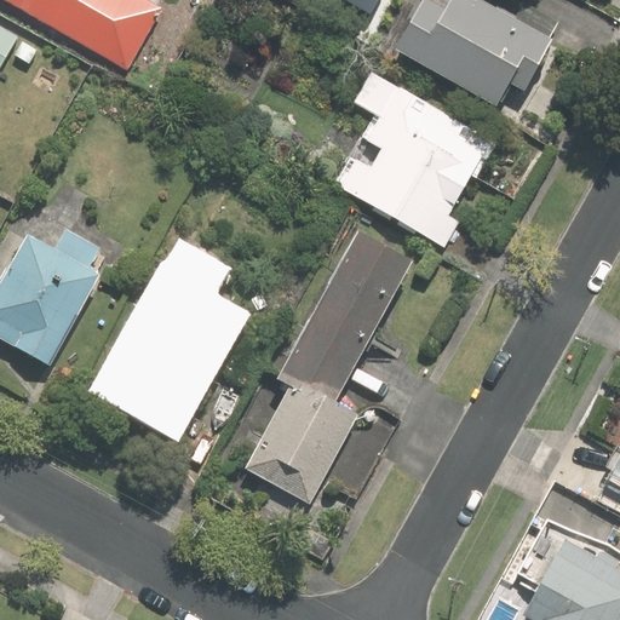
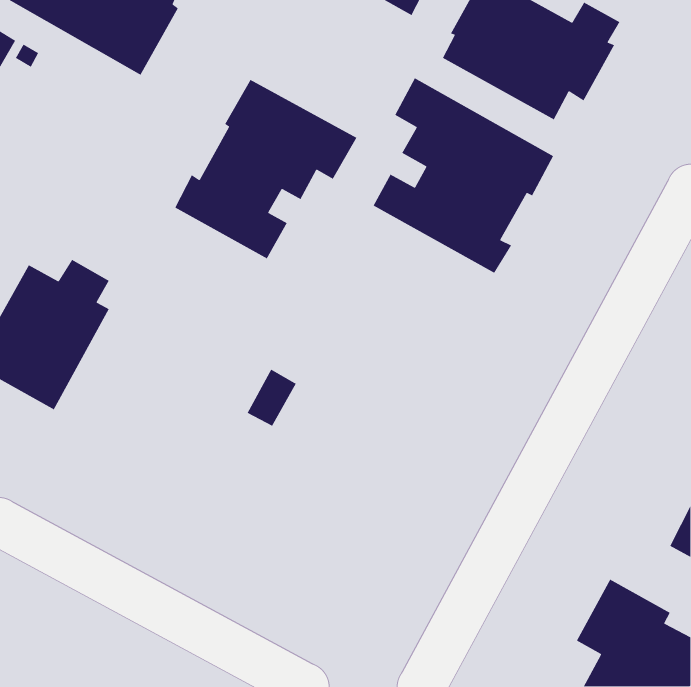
building: none -> [174,79,357,259]
building: [246,235,412,503] -> none
building: [101,251,231,431] -> none

